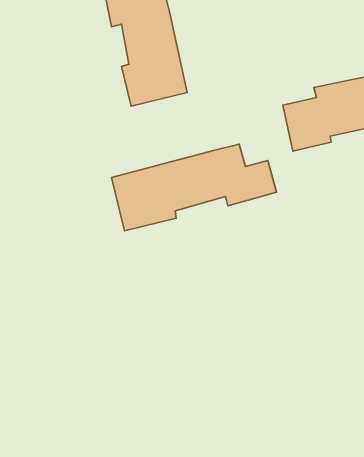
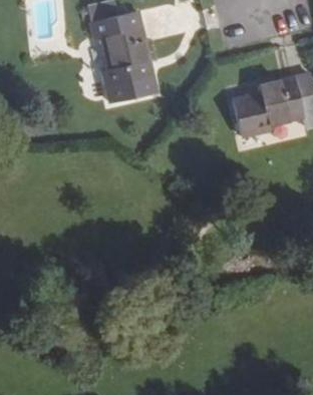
building: [111,144,277,231] -> none

